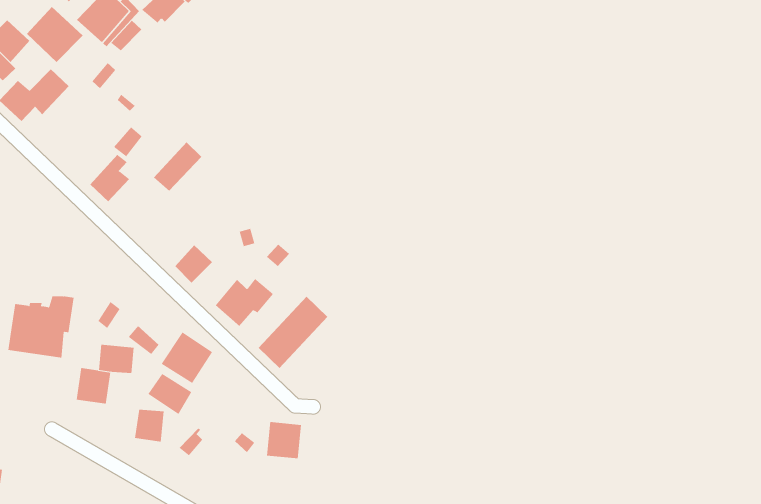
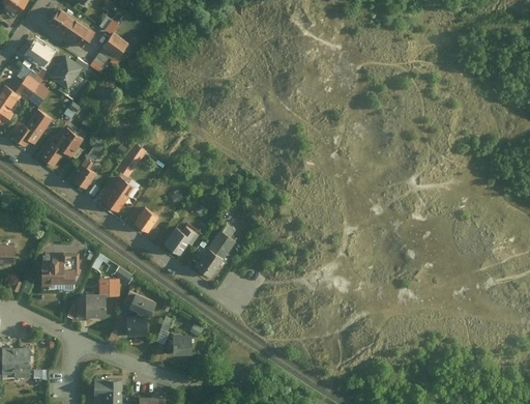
building: none -> [39,125,81,165]
building: none -> [104,181,135,213]
building: [161,332,213,384] -> none
building: [266,422,302,459] -> [170,334,192,356]

